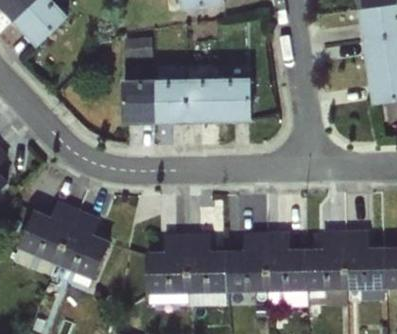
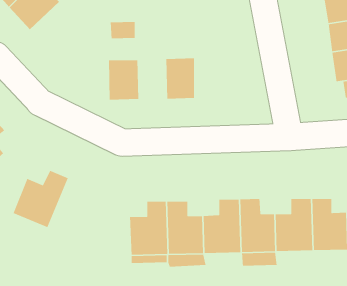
building: [217,77,251,123] -> none
building: [155,79,186,124] -> none
building: [56,210,110,281] -> none

